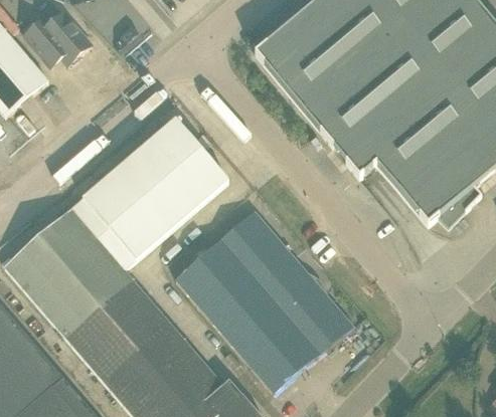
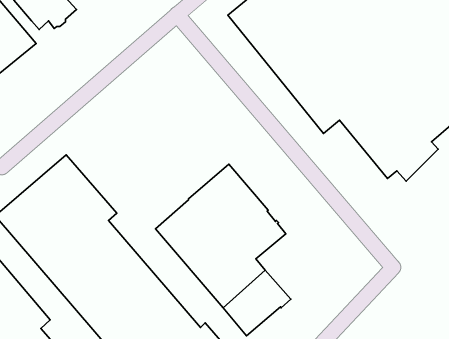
building: [80,118,228,261] -> none
building: [284,283,354,354] -> none

